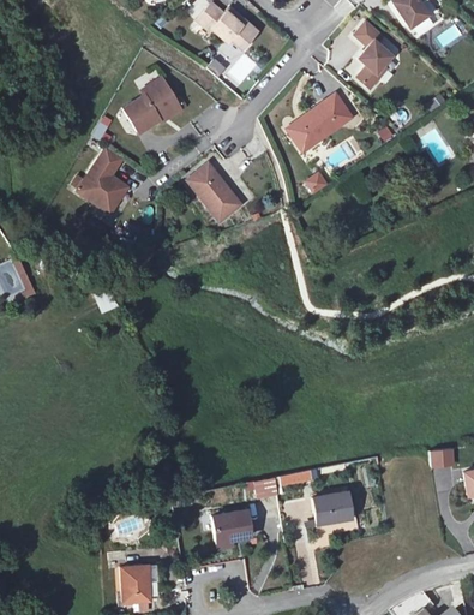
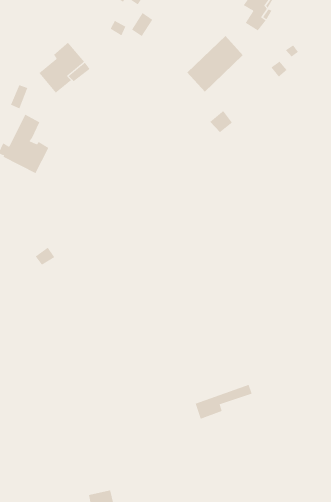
building: [188,163,244,221] -> none
building: [314,492,354,525] -> none
building: [211,509,251,543] -> none

